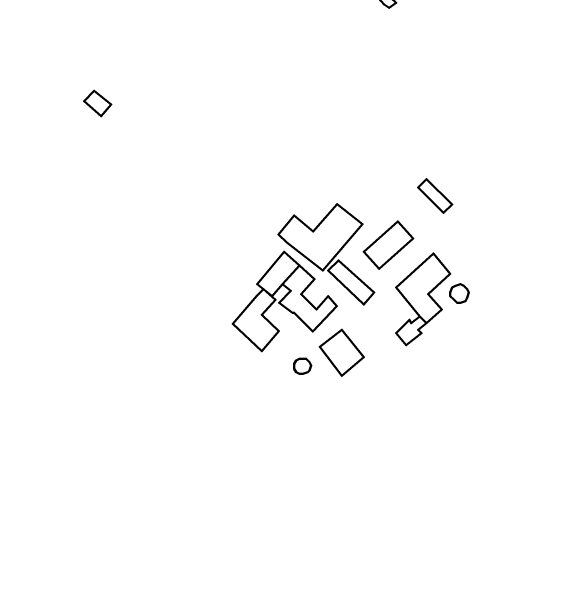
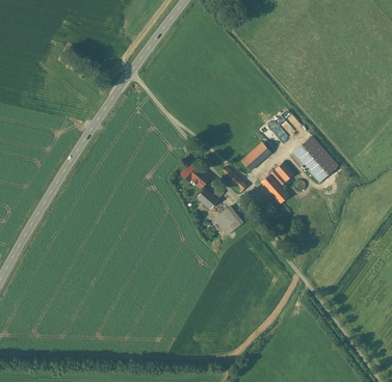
building: [278,204,363,270] -> none
building: none -> [291,136,338,182]
building: [233,289,279,351] -> none

